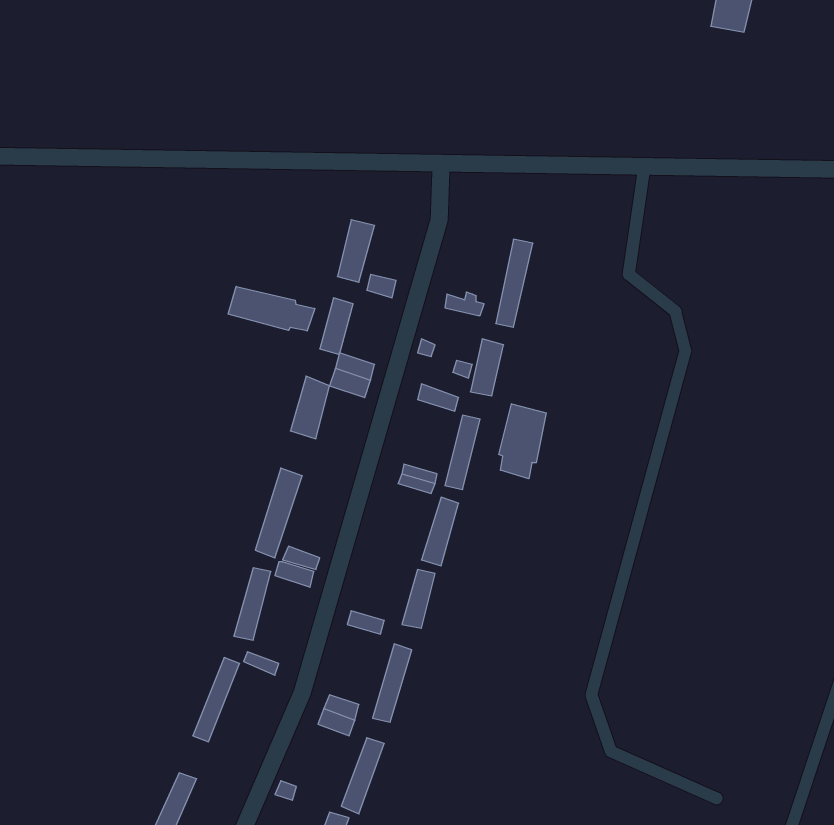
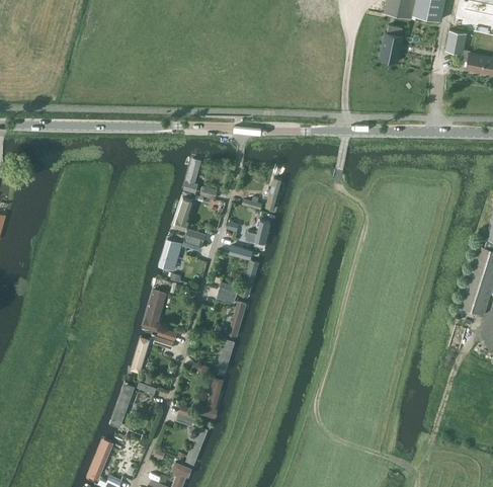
building: [228,286,315,331] -> none
building: [499,404,546,479] -> none

